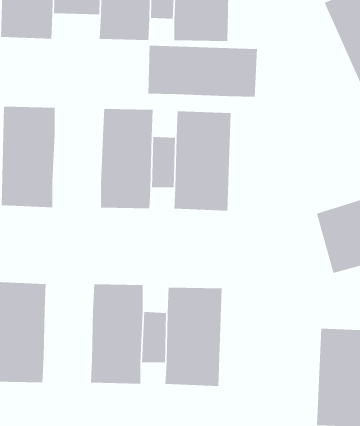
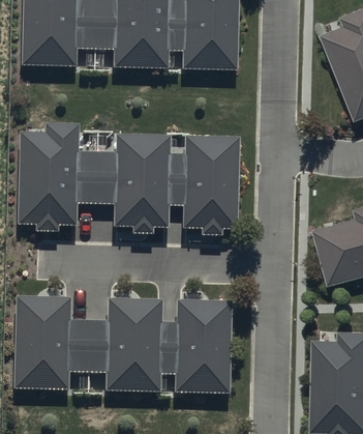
building: [148,45,258,98] -> none
building: none -> [70,157,116,204]
building: none -> [62,320,107,367]

